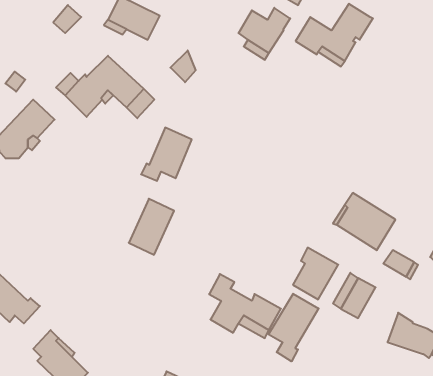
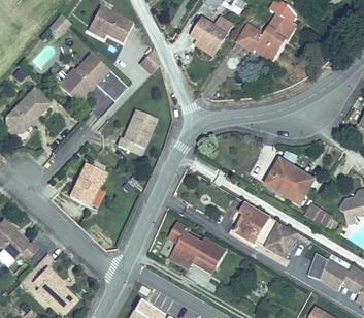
building: [129,199,174,255] -> [70,163,105,206]
building: [268,294,319,361] -> none

